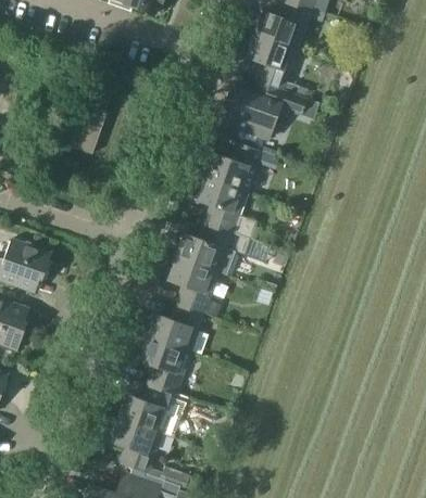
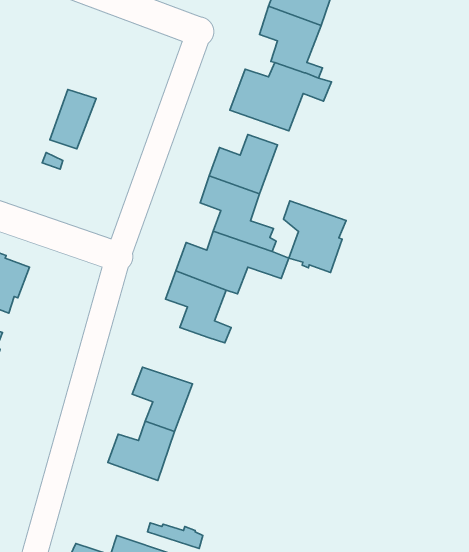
building: none -> [284,201,346,273]
building: [146,304,202,352] -> none
building: [108,418,159,473] -> none

